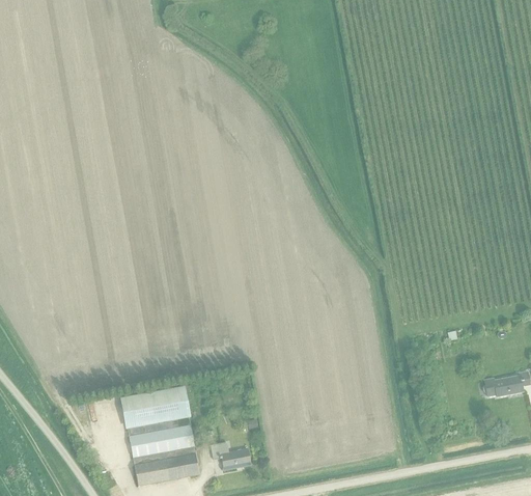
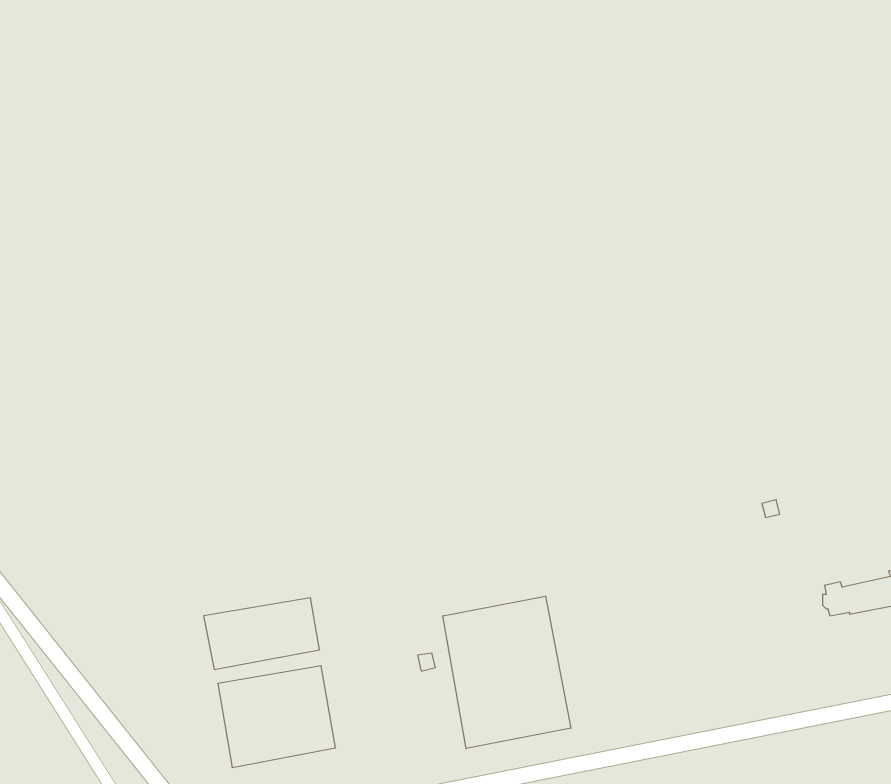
building: none -> [443,596,571,749]
building: [211,442,250,469] -> none

